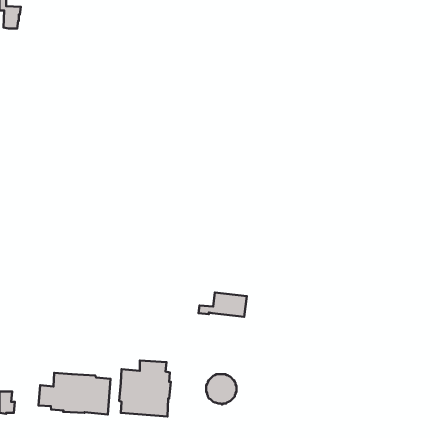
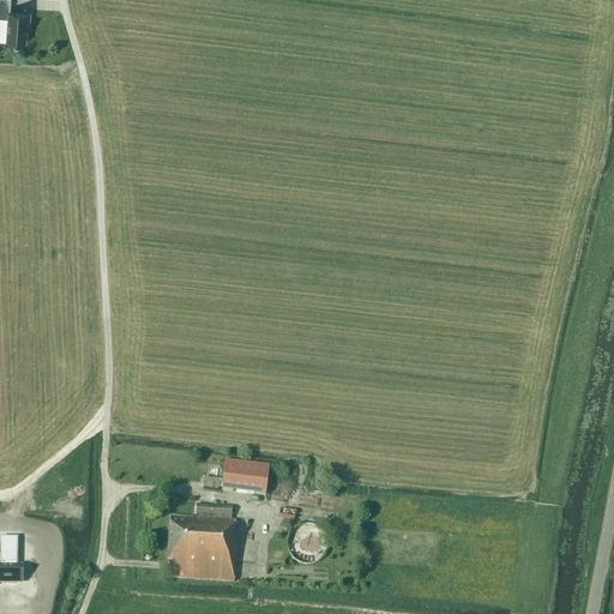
building: [198,293,247,317] -> [201,457,269,490]
building: [38,373,111,414] -> none

